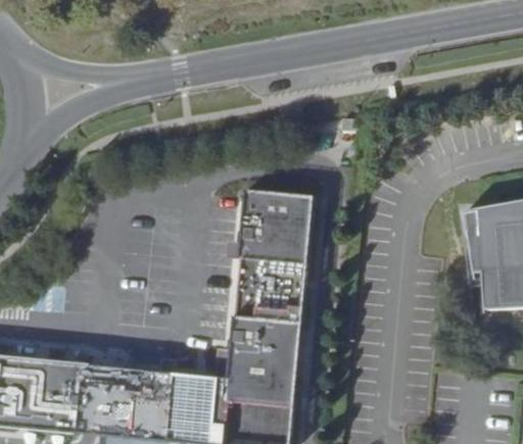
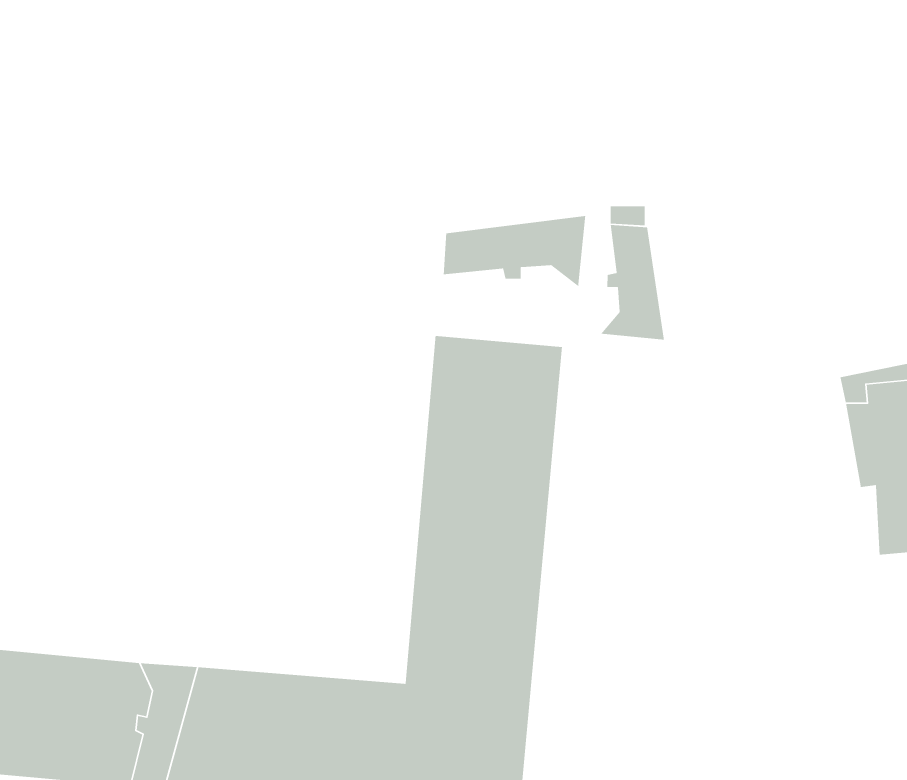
building: none -> [443,215,586,287]
building: none -> [600,224,665,341]

